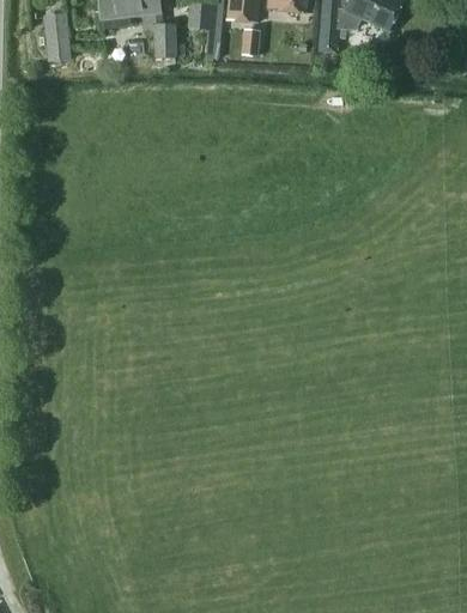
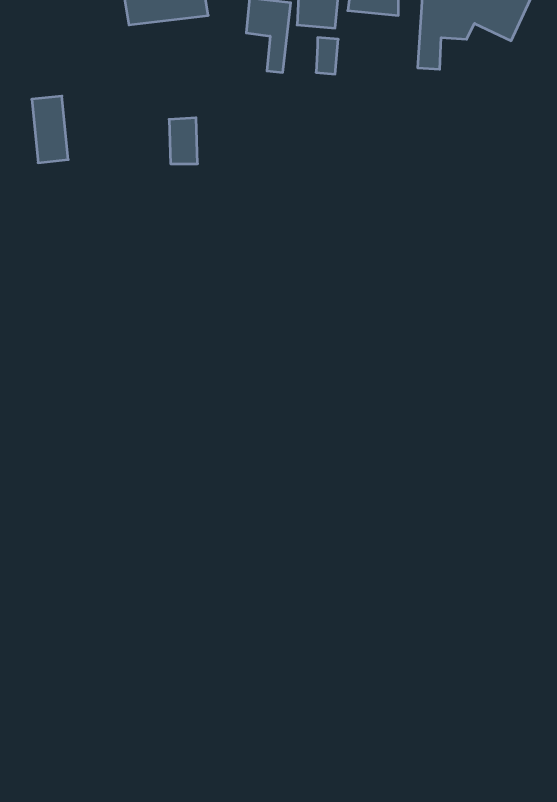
building: [43,12,71,62] -> [32,96,68,163]
building: [153,23,175,57] -> [169,118,198,164]

